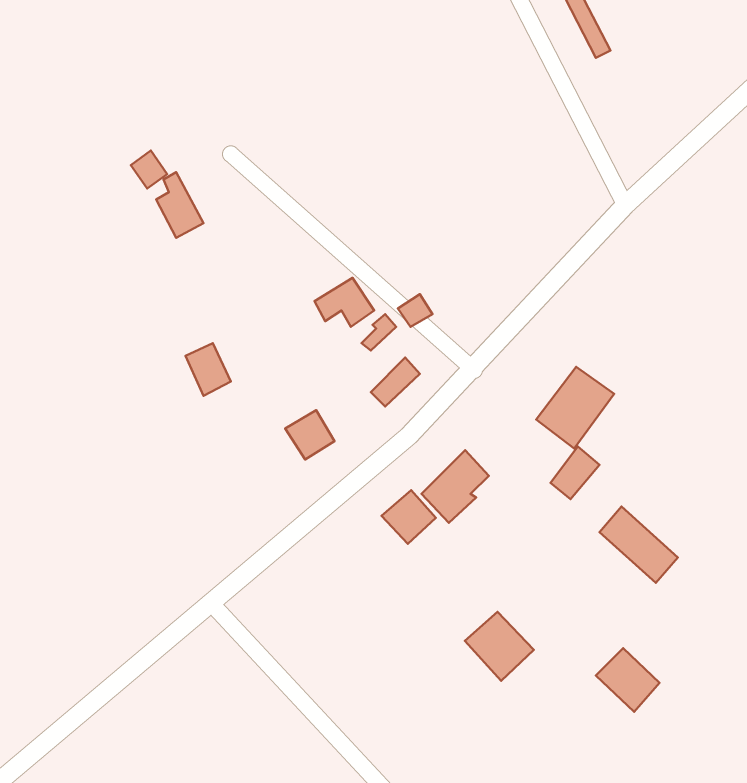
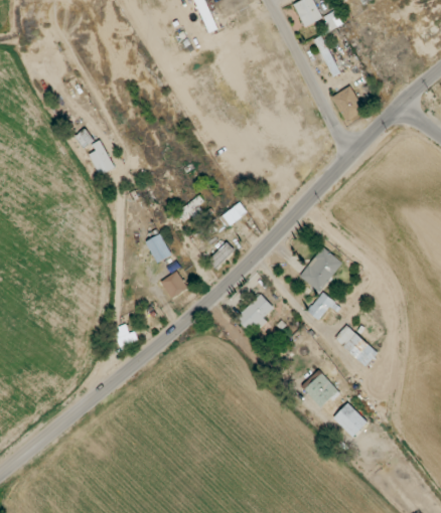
building: none -> [330,86,364,122]
building: [185,343,231,396] -> [146,233,171,263]
building: [382,490,436,544] -> none
building: [465,612,534,681] -> [300,369,338,407]

